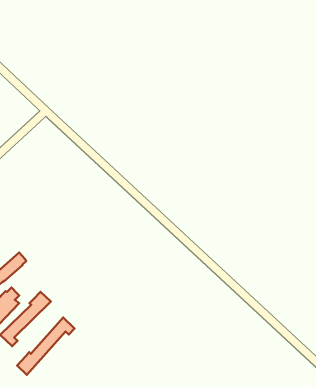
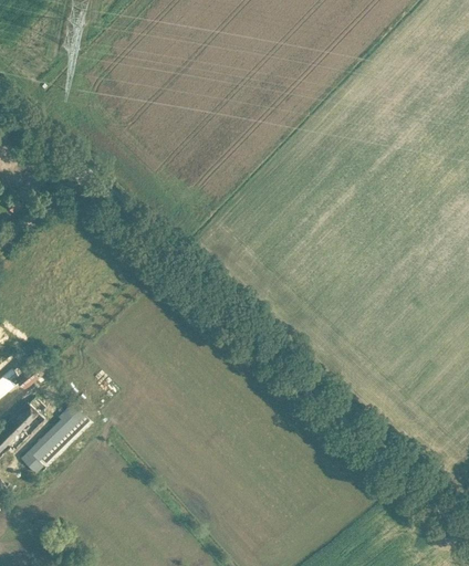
building: [17,318,74,375] -> none

